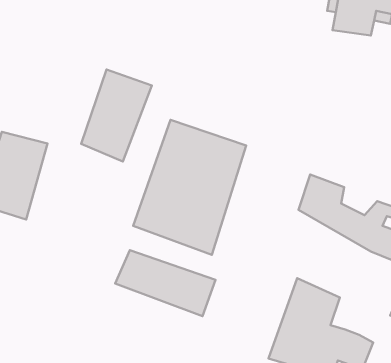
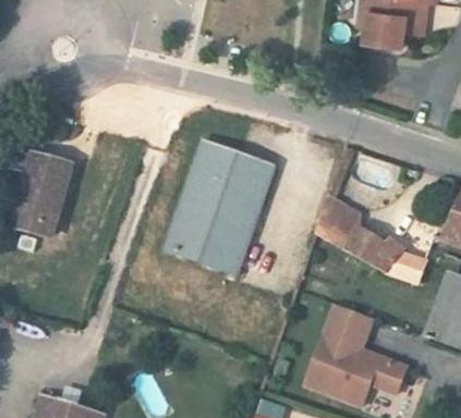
building: [81,69,152,161] -> none
building: [115,250,215,316] -> none

